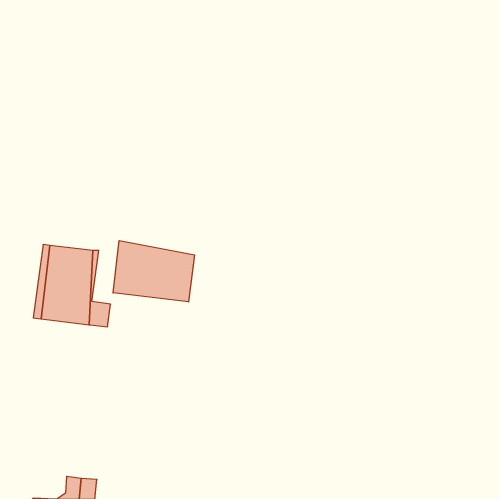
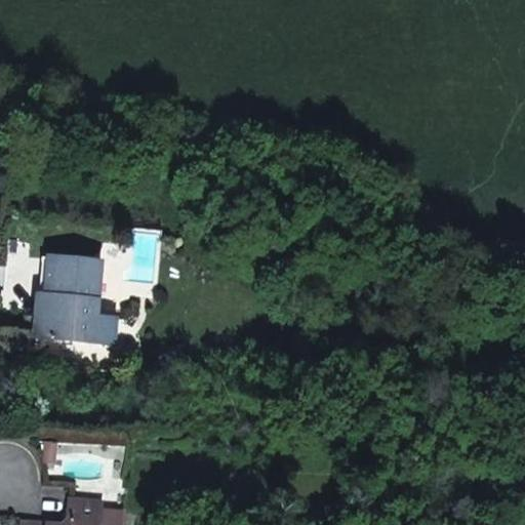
building: [113,241,195,302] -> none

